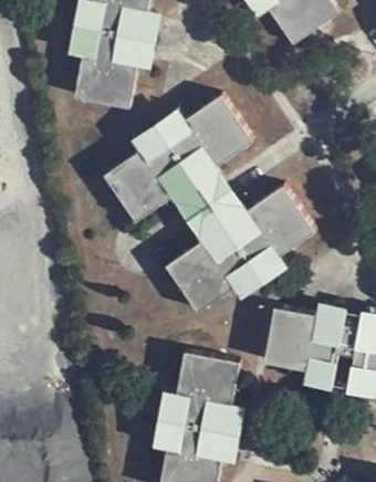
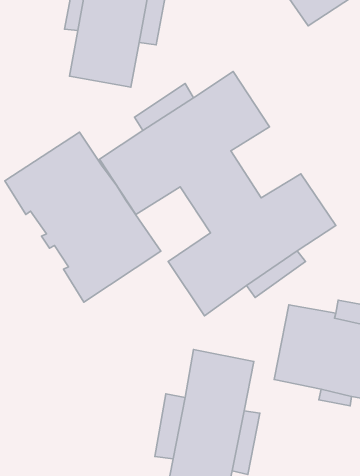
building: none -> [5,132,161,302]

